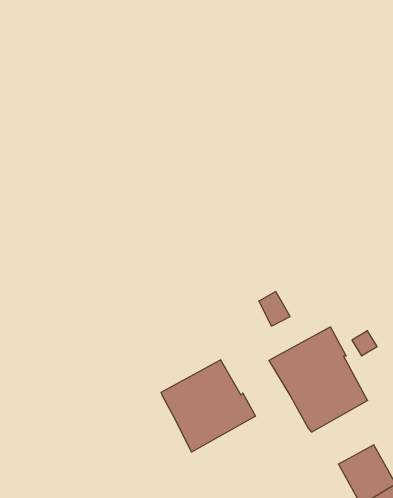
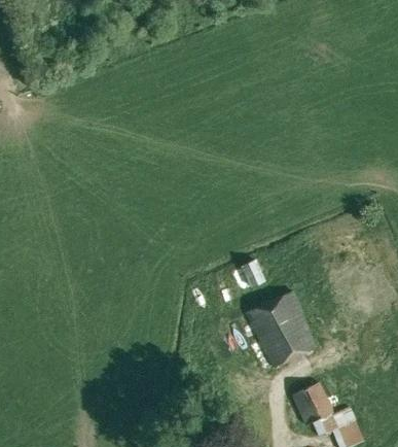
building: [161,360,255,452] -> none

